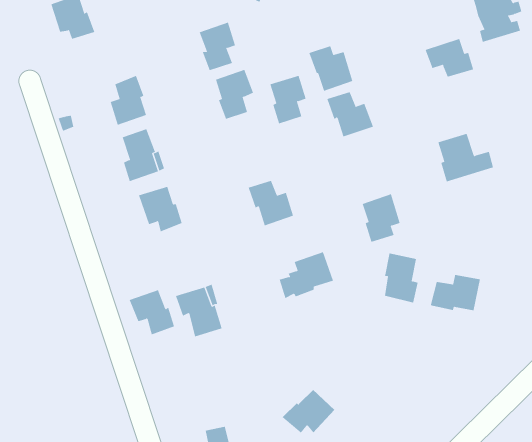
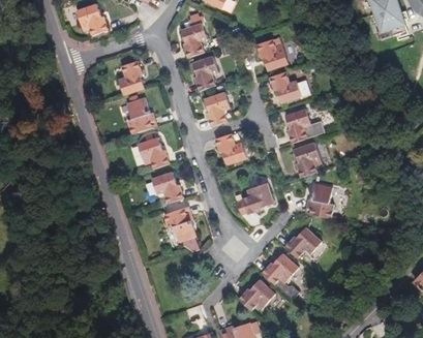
building: [425,38,474,77] -> none
building: [270,75,307,124] -> [204,91,230,125]
building: [437,133,494,182] -> [284,107,324,142]
building: [430,274,481,311] -> none
building: [129,289,175,335] -> [151,171,183,203]
building: none -> [284,226,322,257]
building: none -> [262,252,298,283]

